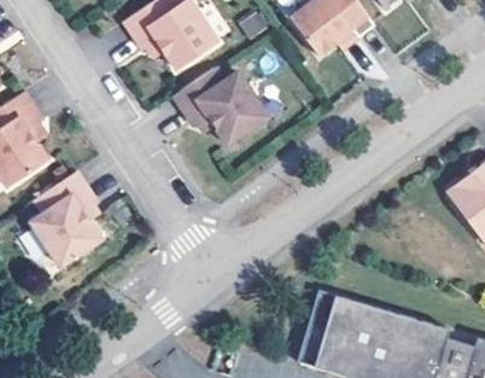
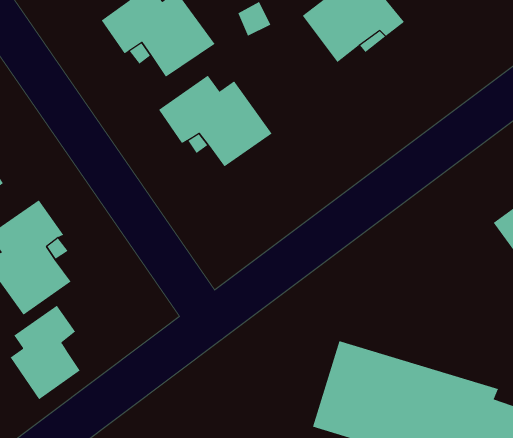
building: none -> [10,305,81,400]

